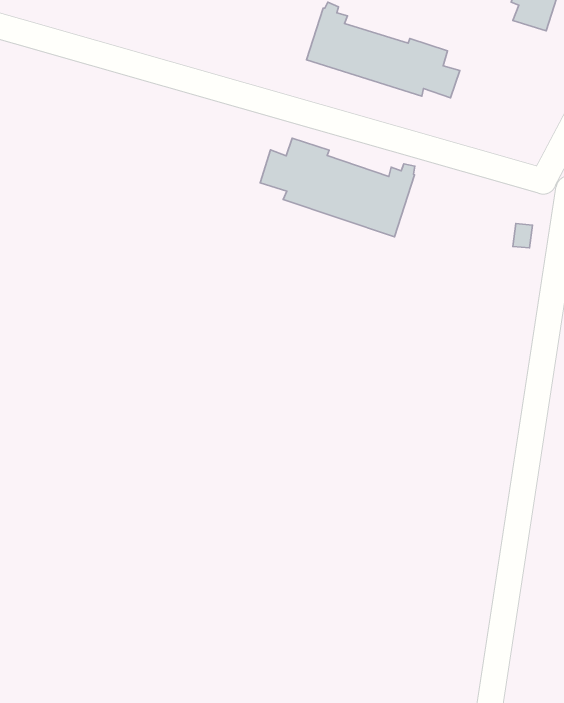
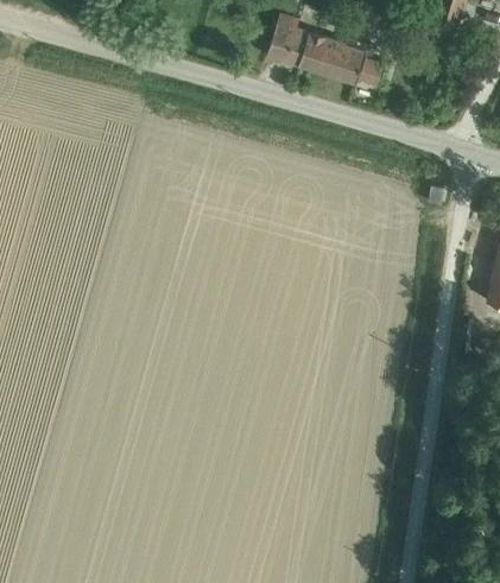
building: [260,138,415,237] -> none

